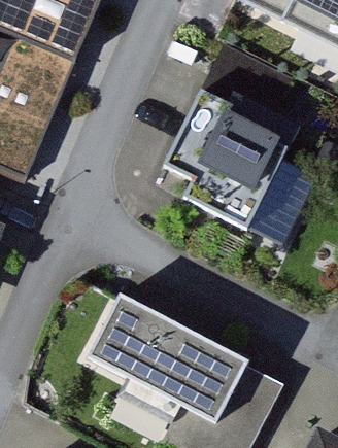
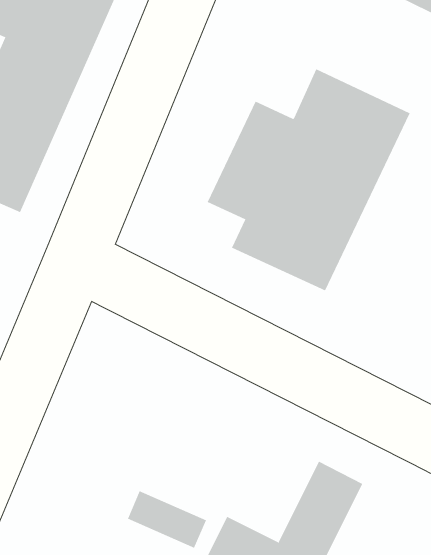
building: [88,298,251,425] -> none

